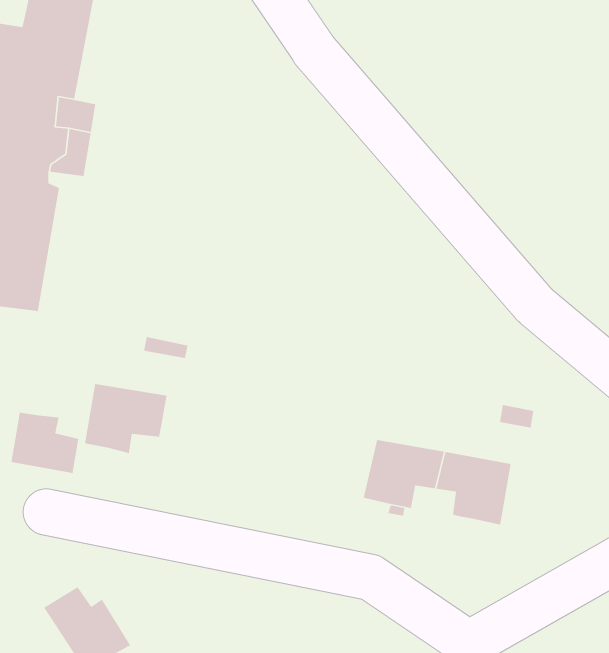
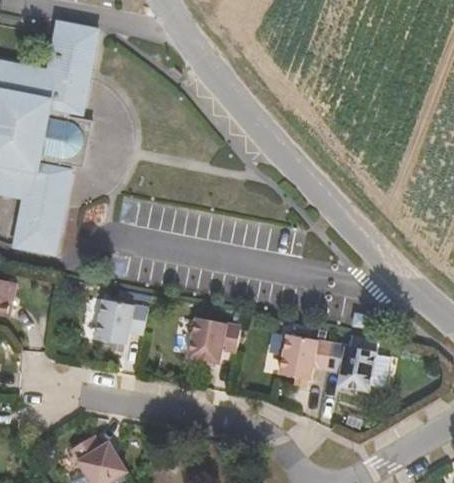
building: [10,412,79,474] -> none
building: none -> [182,323,236,368]

